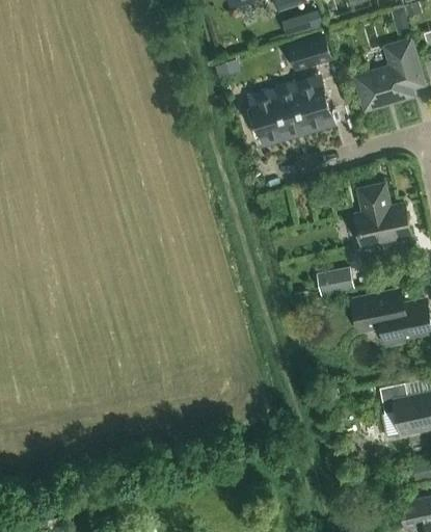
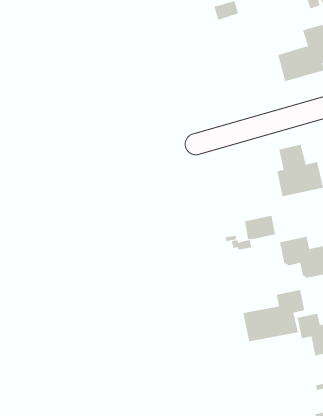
building: [287,33,333,72] -> none
building: [248,83,331,140] -> none
building: none -> [243,289,305,342]

